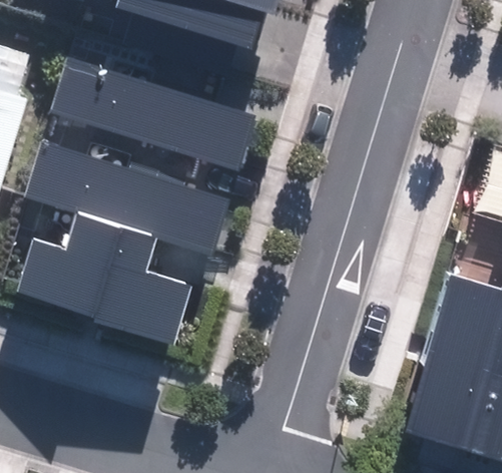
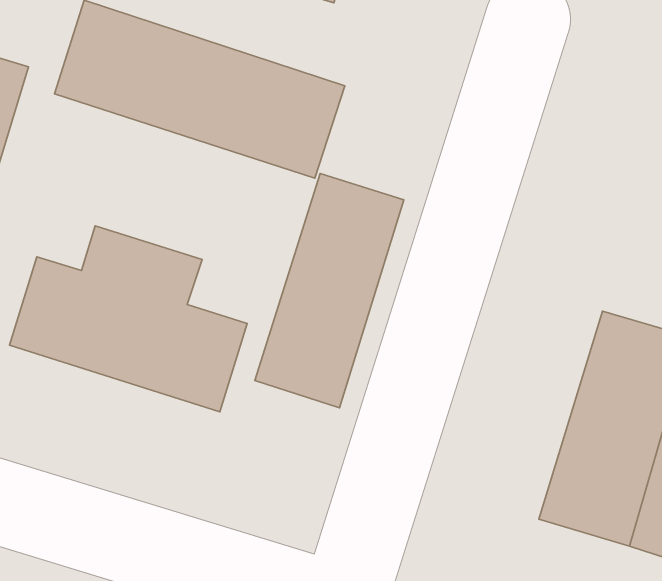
building: [25,134,232,253] -> none
building: none -> [255,173,404,408]

